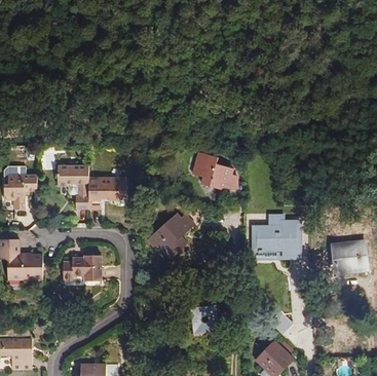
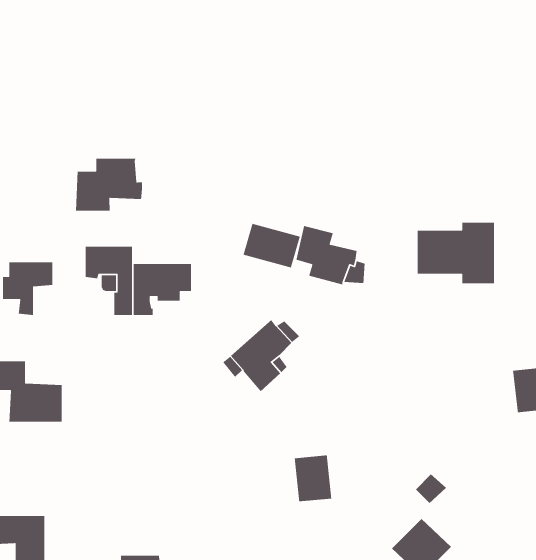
building: none -> [75,158,143,212]
building: none -> [242,223,301,268]
building: [252,219,302,259] -> [417,222,495,284]
building: [63,255,103,280] -> none

